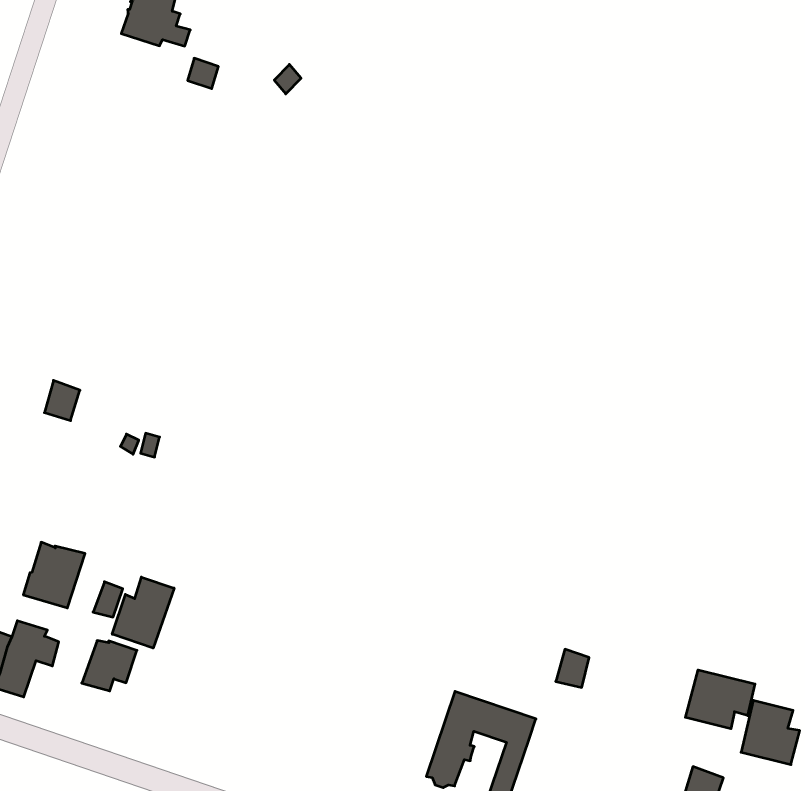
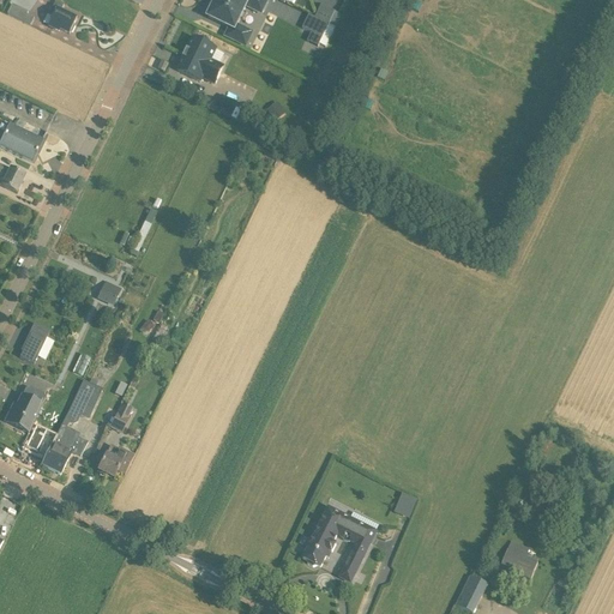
building: [112,577,174,648] -> none
building: [685,670,755,729] -> none

